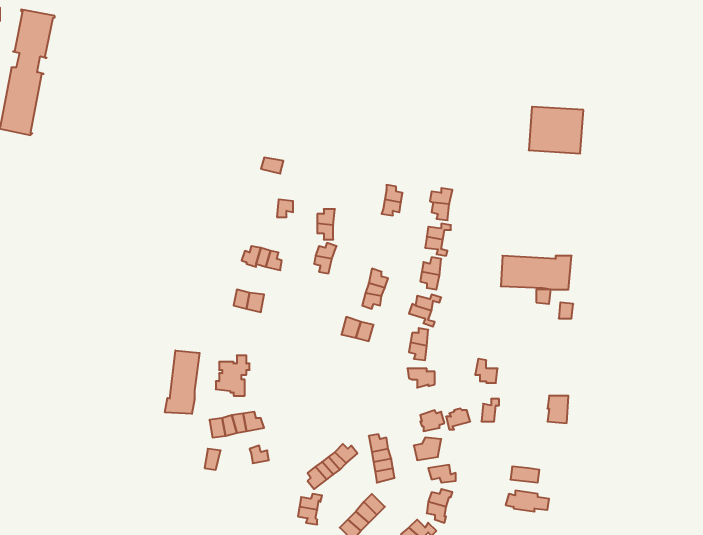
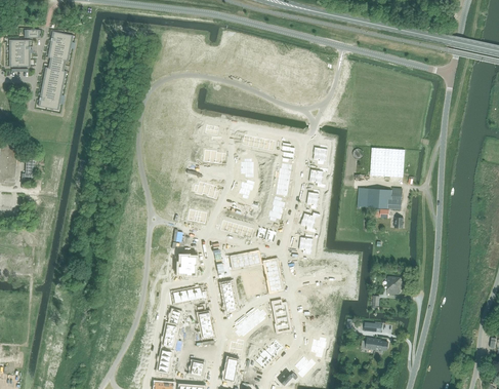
building: [529,107,583,153] -> [370,148,405,178]
building: [165,350,200,414] -> none

